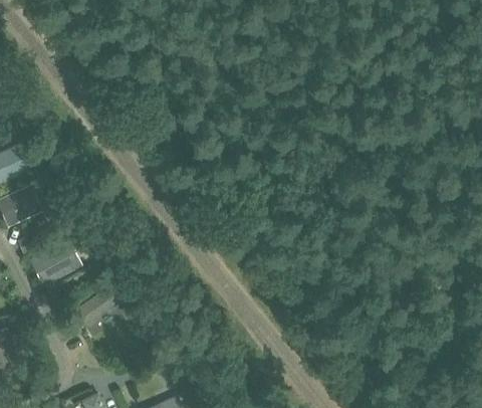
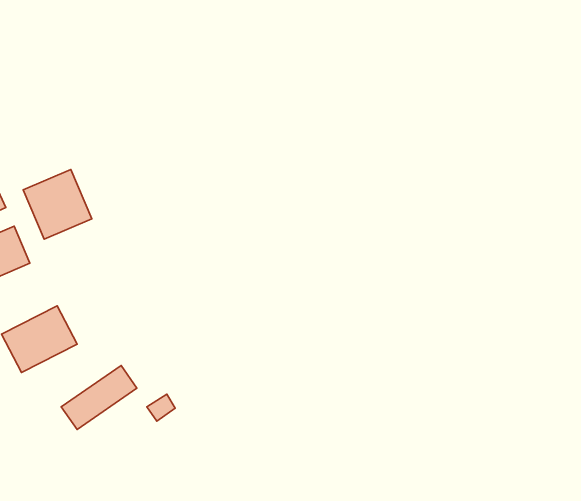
building: none -> [23,169,92,239]

